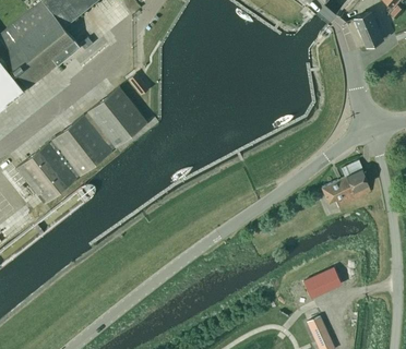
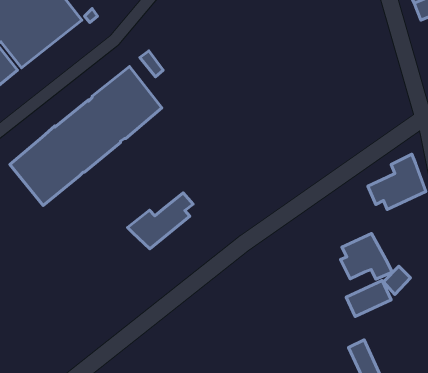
building: none -> [128,193,193,249]
building: none -> [341,234,392,279]

